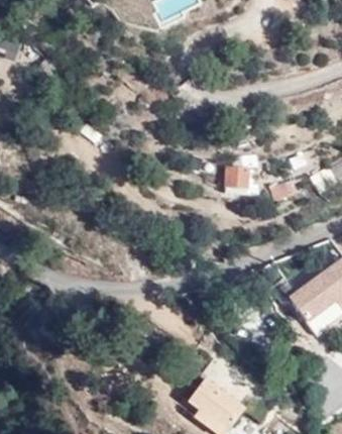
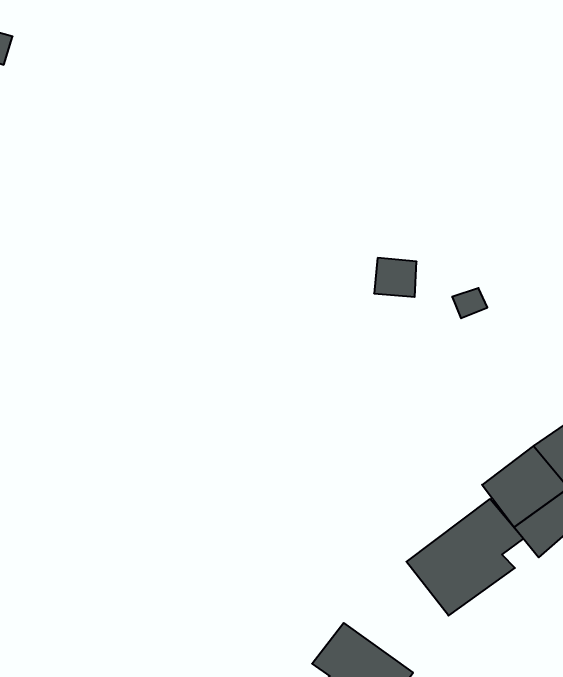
building: none -> [406,499,523,616]

